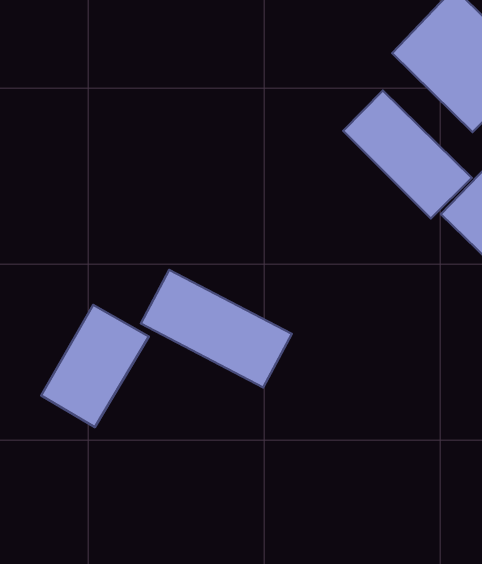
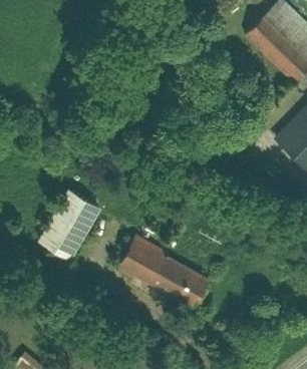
building: [343,90,472,218] -> none
building: [141,270,292,387] -> [120,240,211,310]

